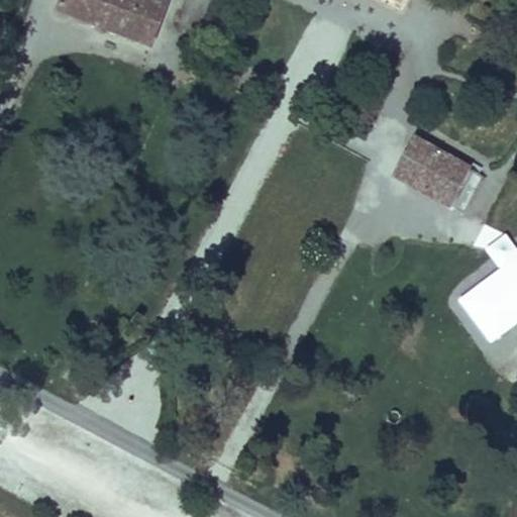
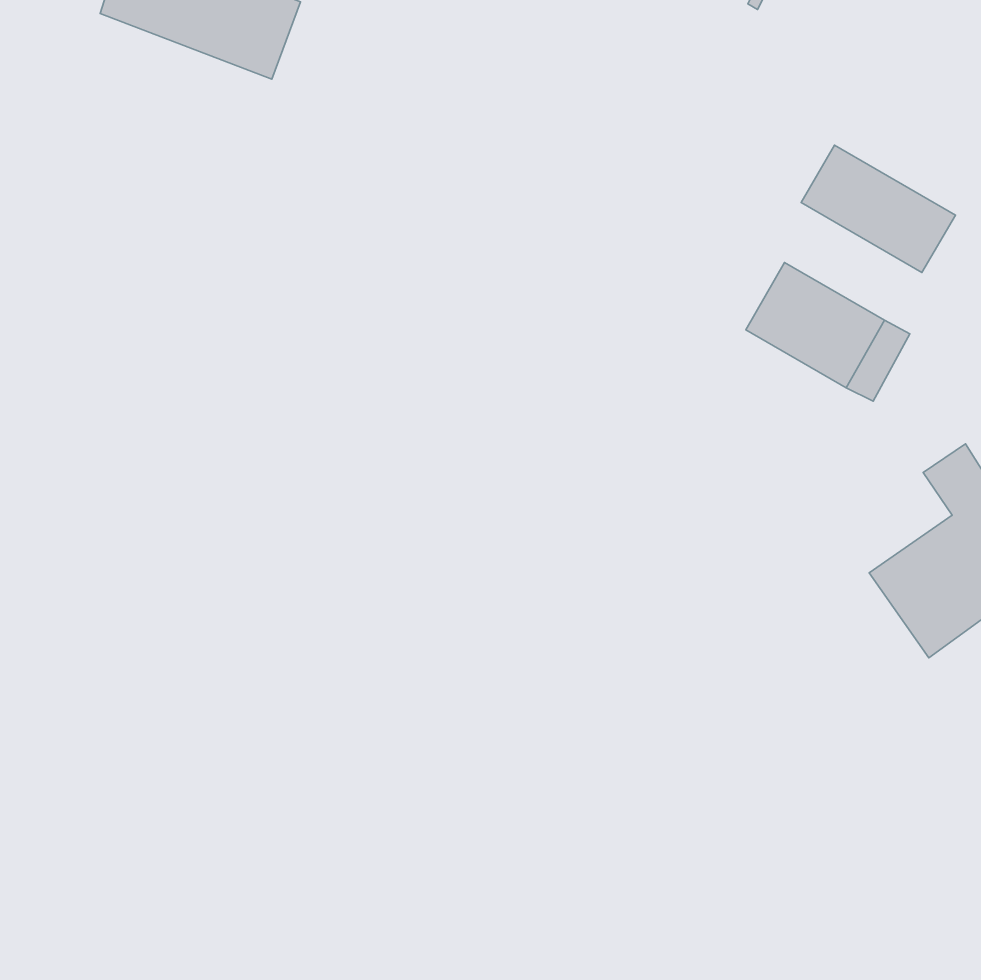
building: none -> [801,145,955,272]

